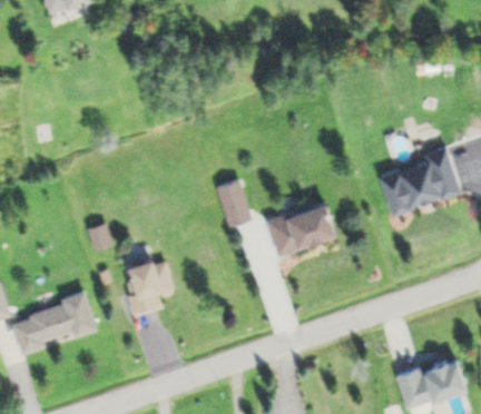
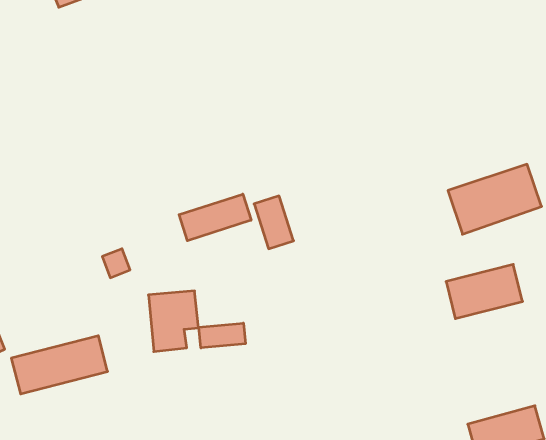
building: none -> [179,194,251,241]
building: [268,208,333,254] -> [446,264,523,319]
building: none -> [199,323,245,348]

